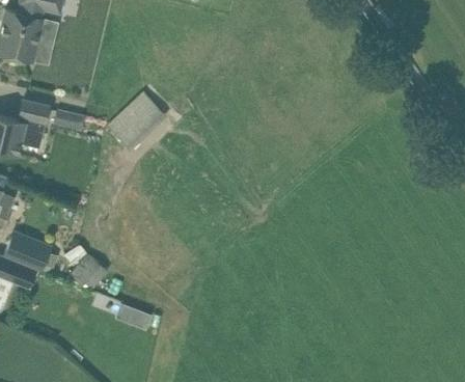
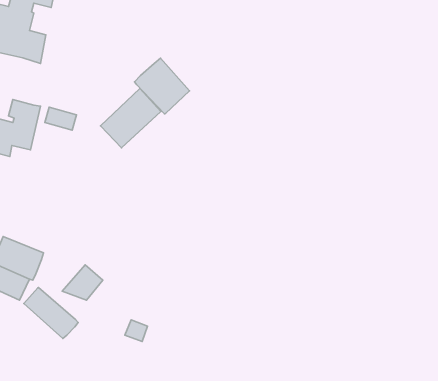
building: none -> [134,58,190,114]
building: none -> [24,288,78,339]

